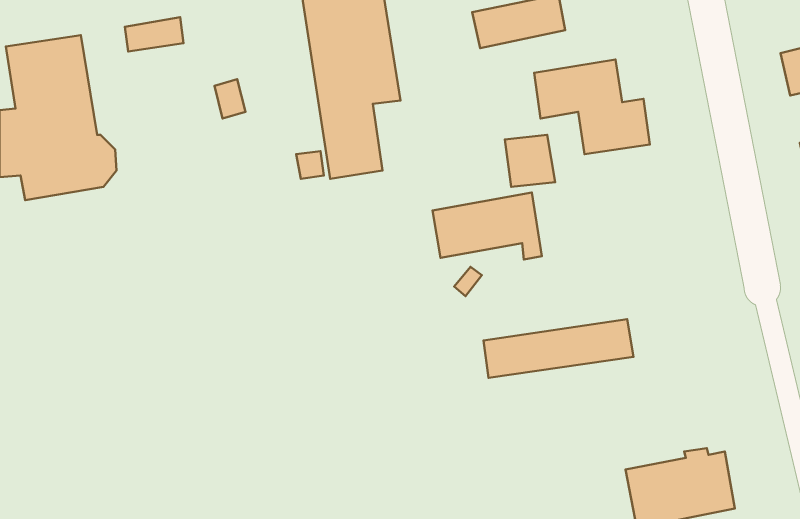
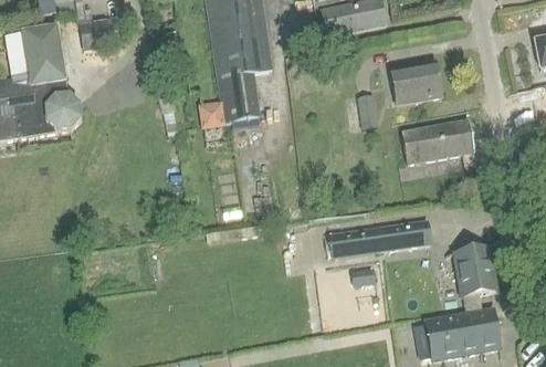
building: [432,192,542,259] -> [401,118,475,164]
building: none -> [453,245,496,308]

